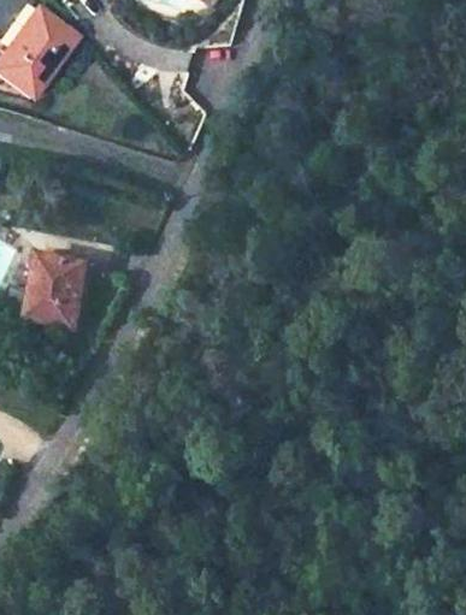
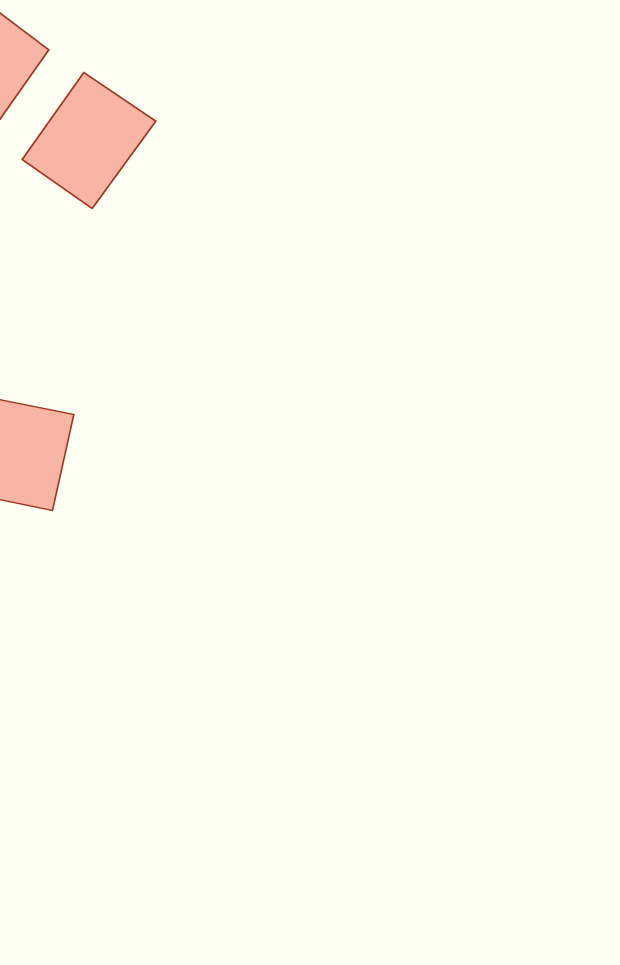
building: none -> [22,72,156,209]

